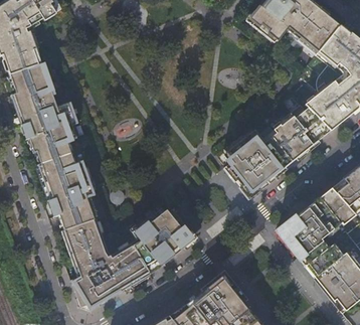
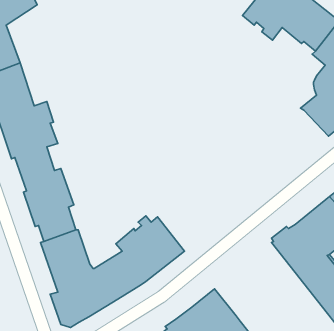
building: [224,107,331,195] -> none

